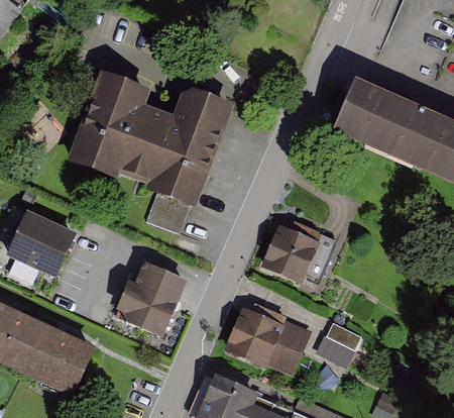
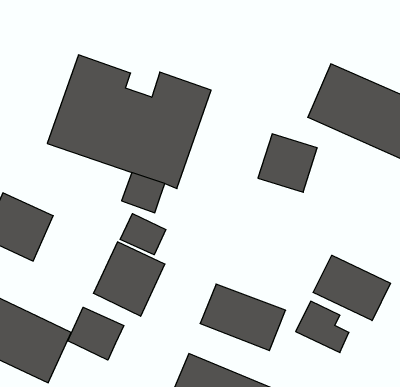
building: [261,218,321,277] -> [258,134,317,192]
building: none -> [120,214,166,255]
building: none -> [313,255,391,321]
building: none -> [68,307,124,360]

